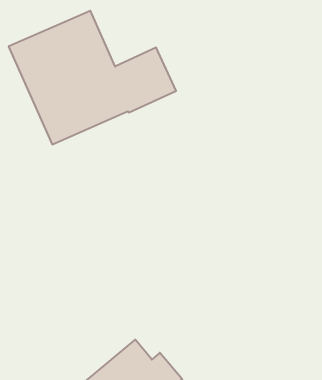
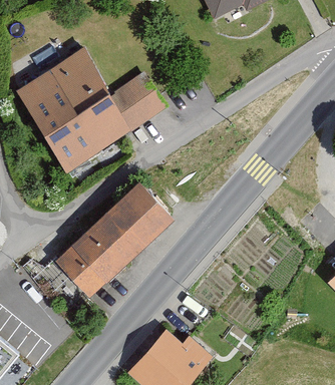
building: none -> [55,182,173,297]

